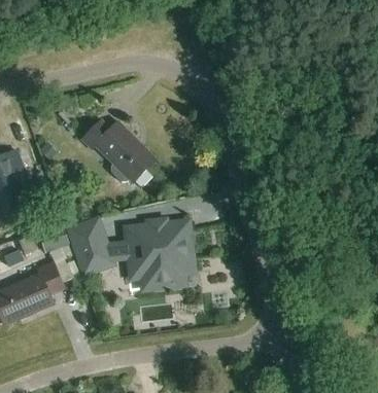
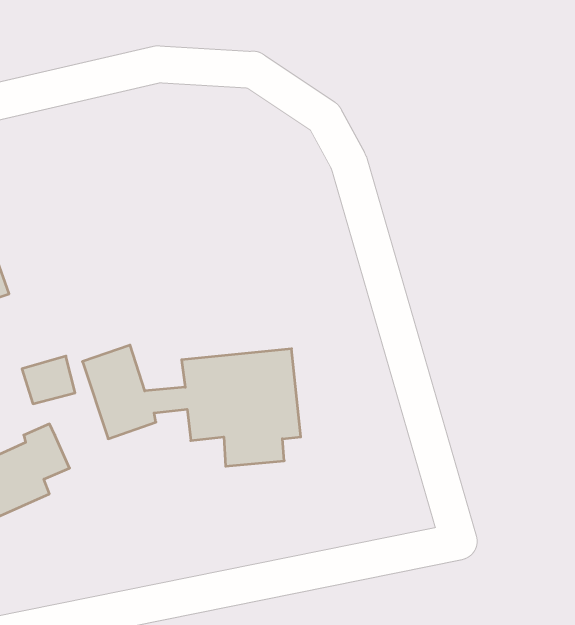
building: [82,118,156,181] -> none

